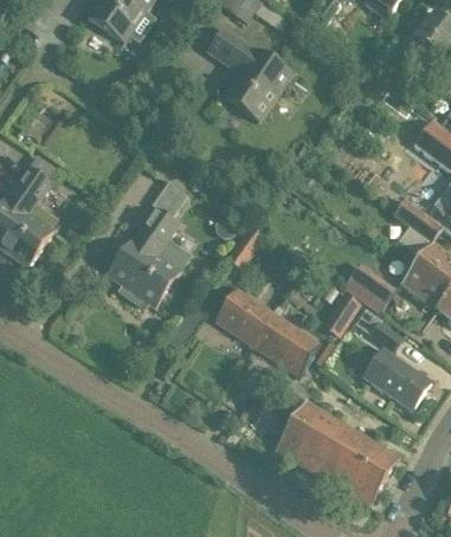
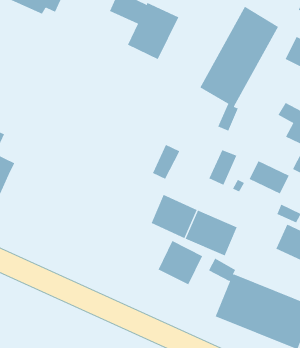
building: none -> [199,6,279,132]
building: [107,180,188,308] -> none
building: [321,292,361,337] -> [208,149,237,186]
building: none -> [158,240,203,285]

